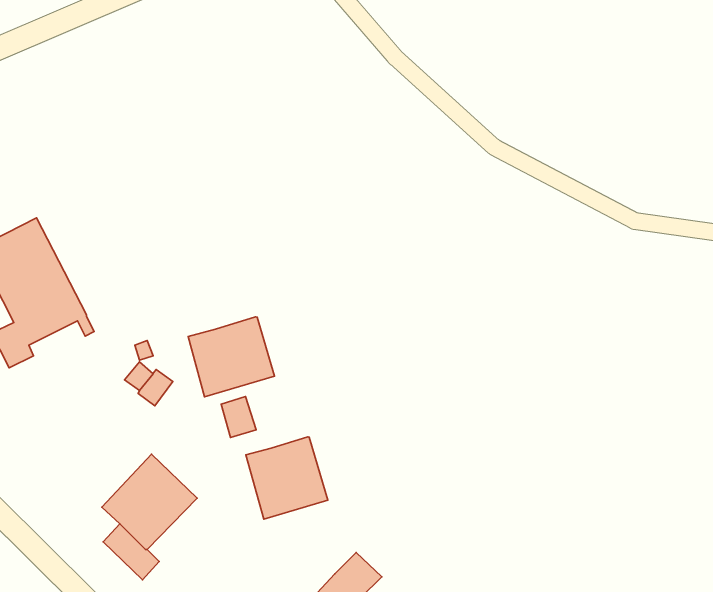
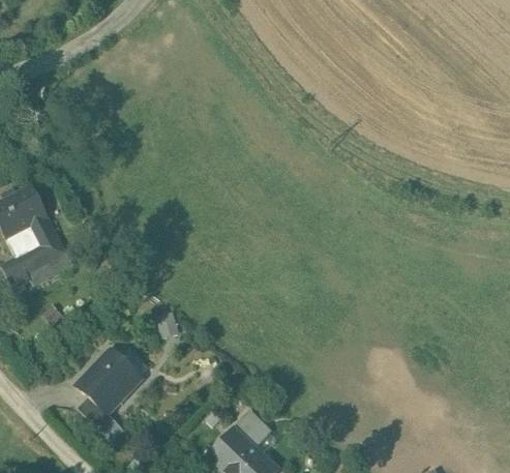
building: [188,317,275,397] -> none
building: [246,437,328,519] -> none

